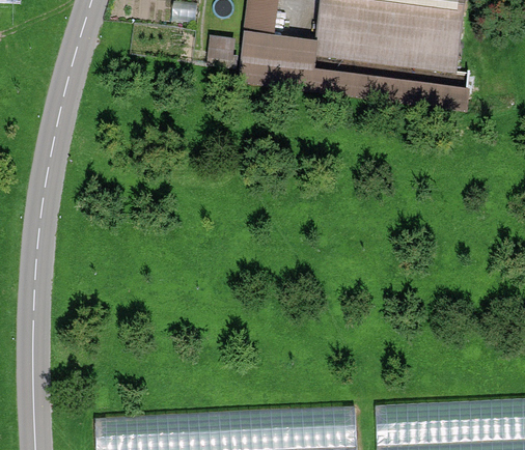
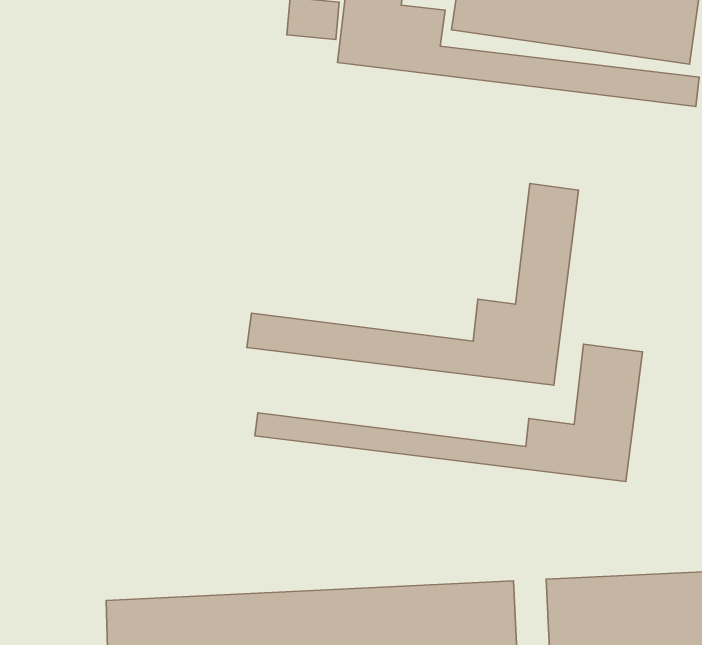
building: none -> [247,184,579,385]
building: none -> [255,344,643,481]

